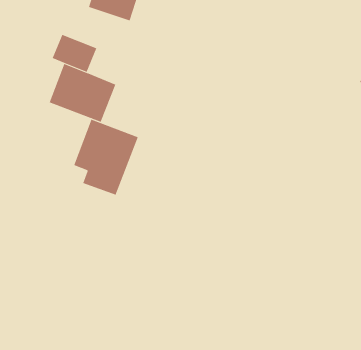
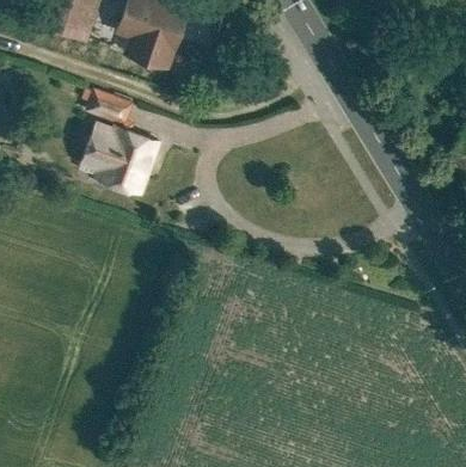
building: [74,119,138,196] -> none

